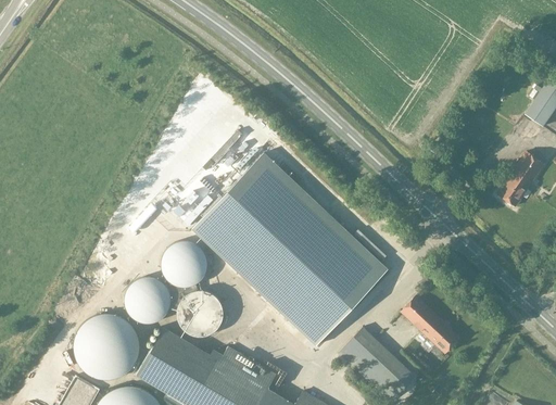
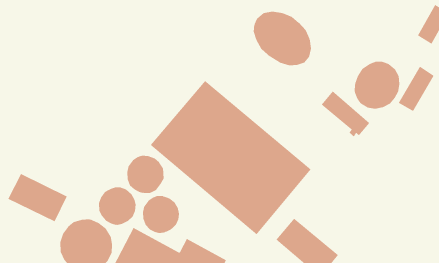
building: none -> [253,11,312,66]
building: none -> [354,61,400,109]
building: none -> [8,173,67,222]
building: [401,296,459,355] -> [321,90,370,137]

